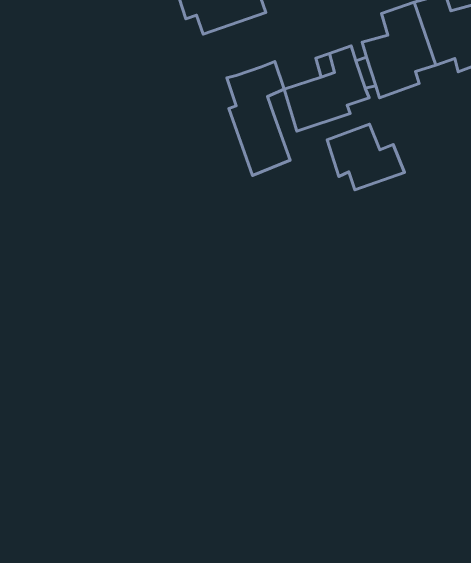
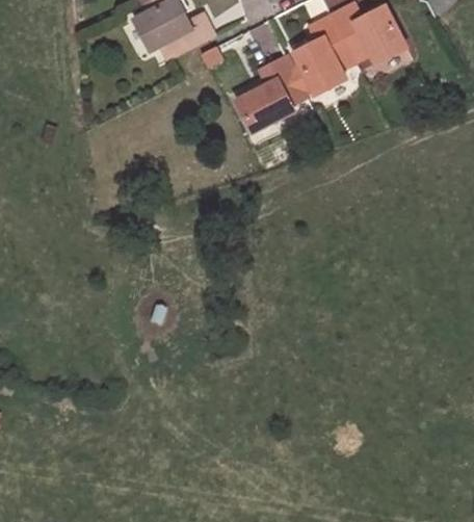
building: [227,61,290,175] -> none
building: [327,124,404,190] -> none

